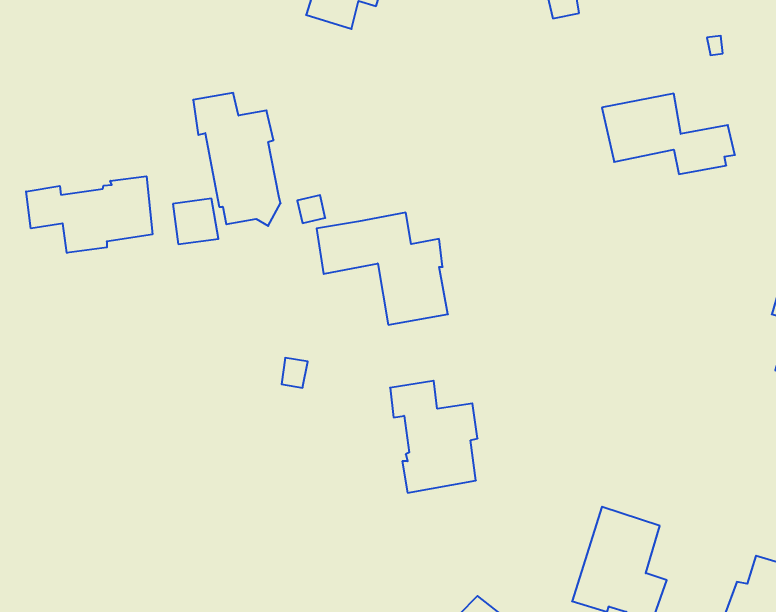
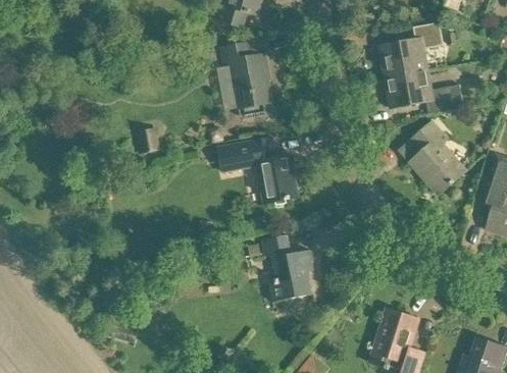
building: none -> [383,22,447,75]
building: [193,93,281,226] -> [223,43,274,120]
building: [26,176,152,253] -> none
building: none -> [411,119,468,194]

